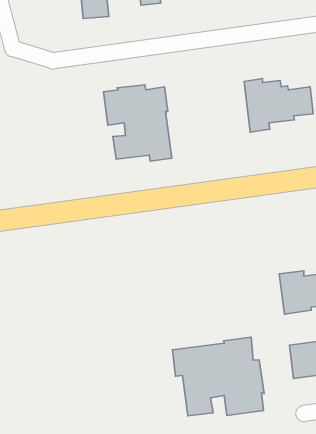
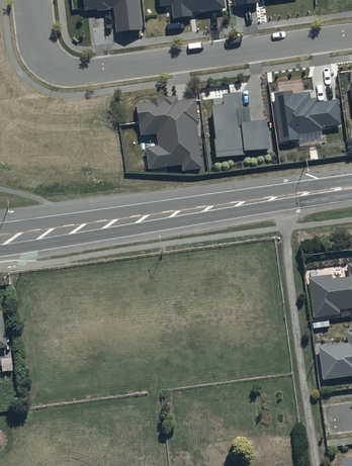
building: none -> [212,90,270,155]
building: [173,337,264,416] -> none

